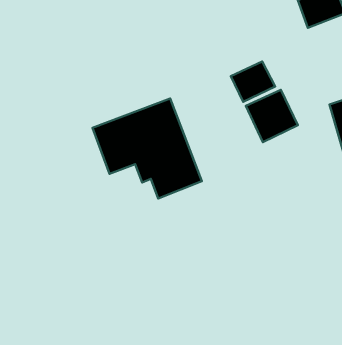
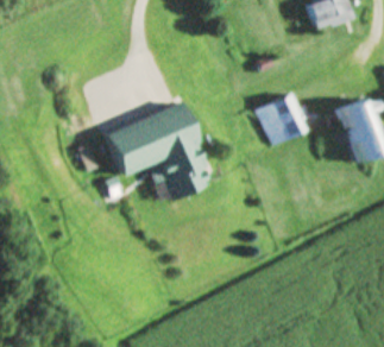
building: [231,62,275,102] -> none

